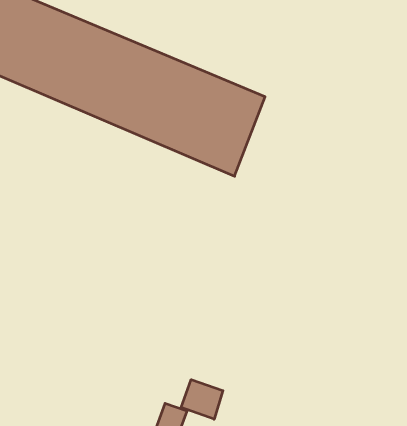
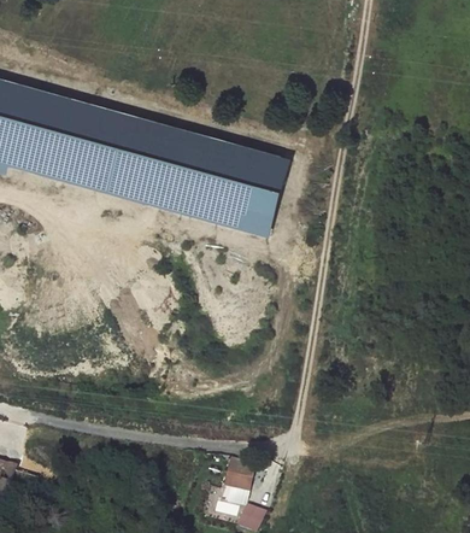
building: [181,380,223,419] -> none

